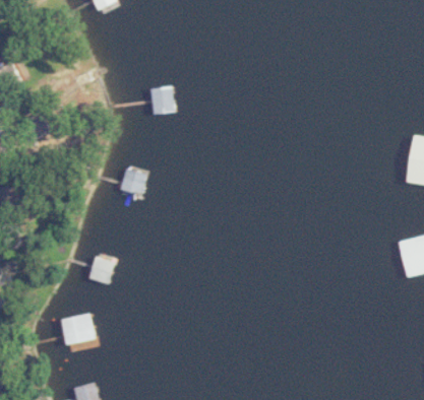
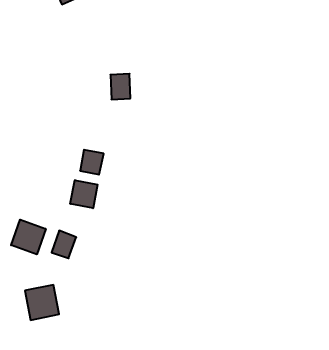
building: none -> [70,180,98,208]
building: none -> [11,220,46,254]

